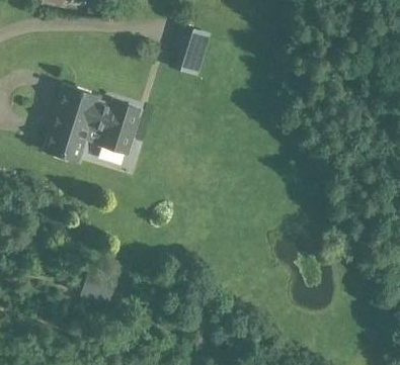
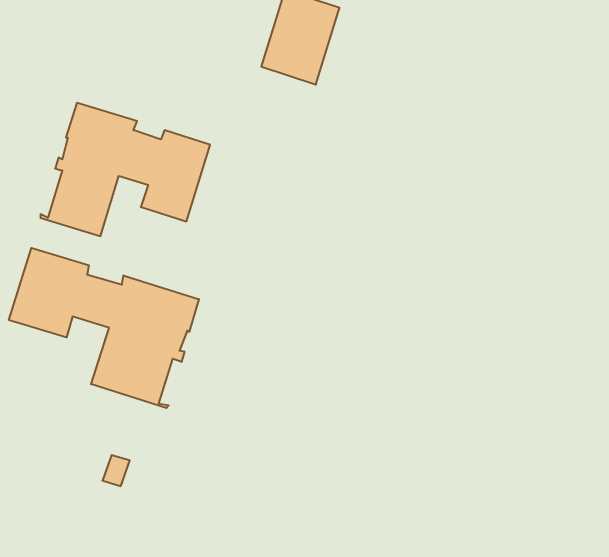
building: none -> [9,248,199,408]

